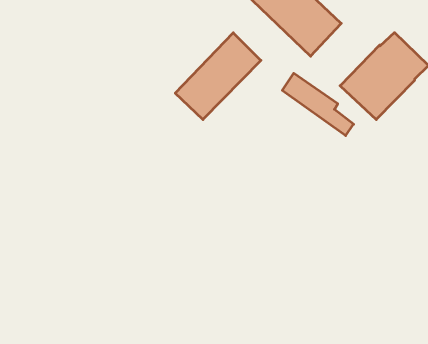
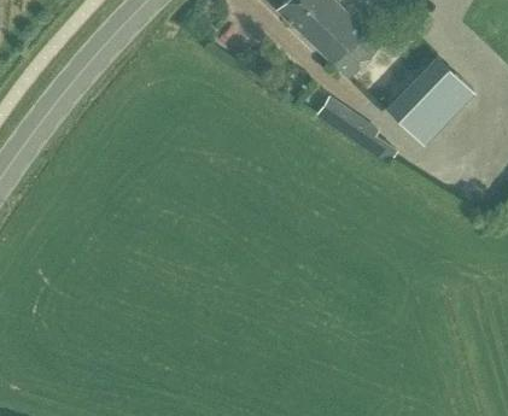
building: [175,33,261,120] -> none

